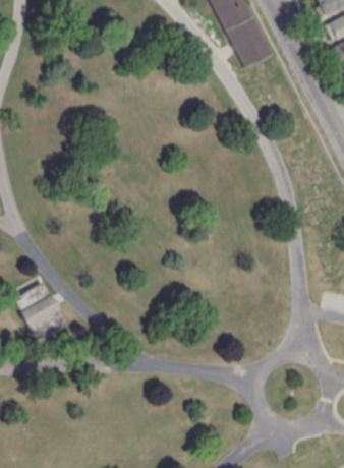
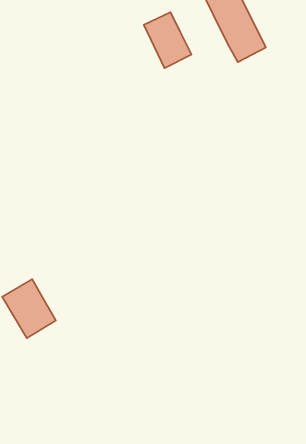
building: none -> [144,12,192,68]

